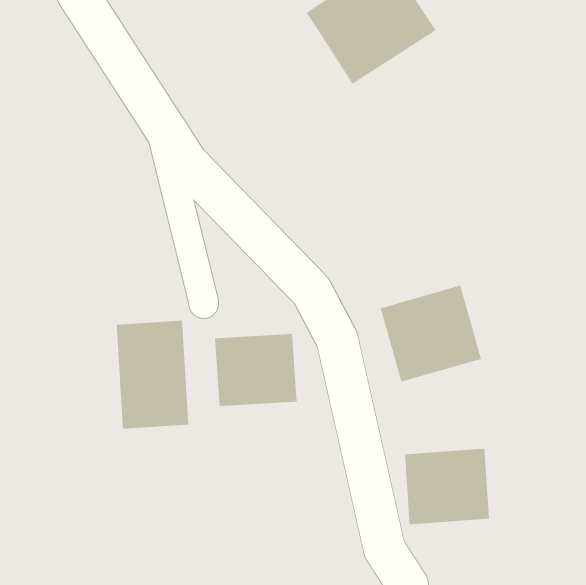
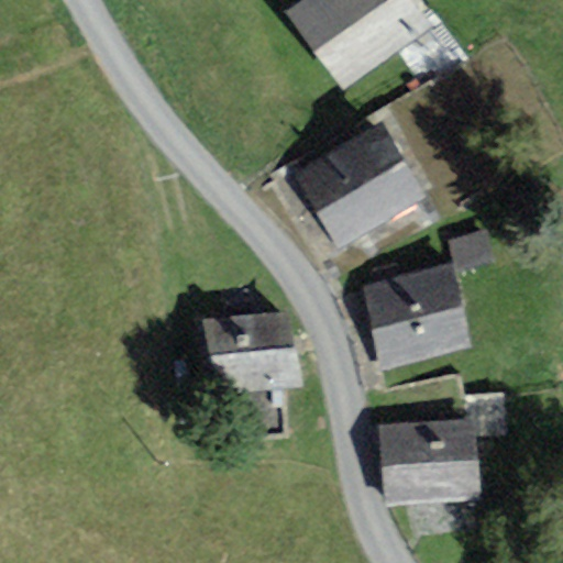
building: none -> [300,131,420,243]
building: [116,320,189,430] -> none

